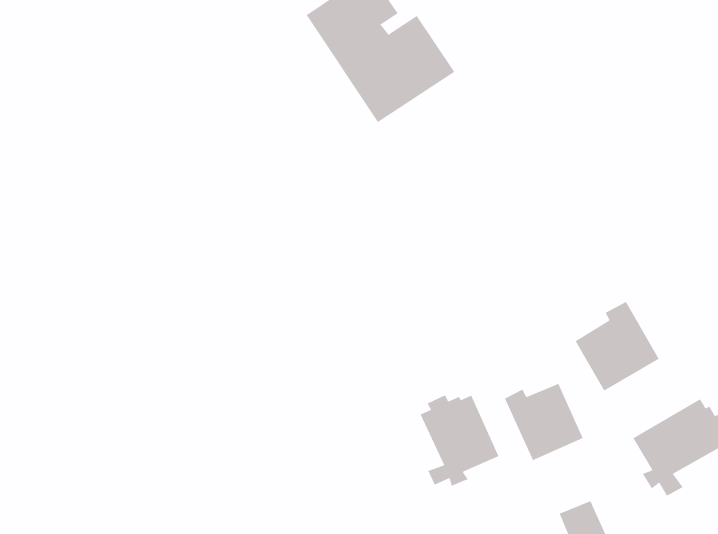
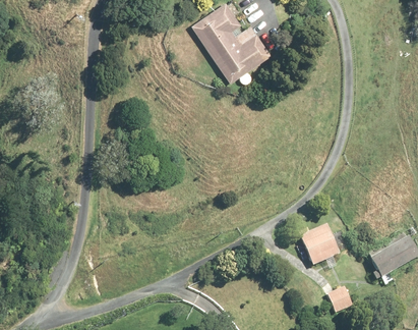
building: [575,301,660,392] -> none
building: [420,394,499,487] -> none

